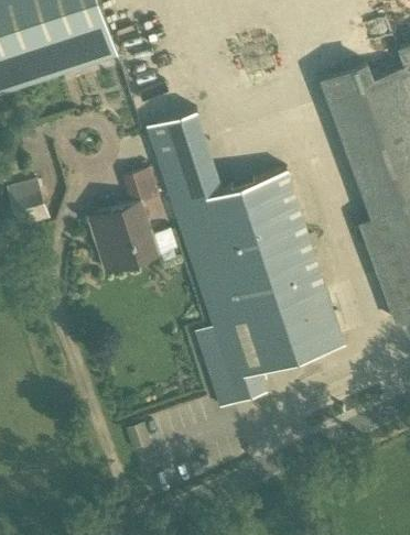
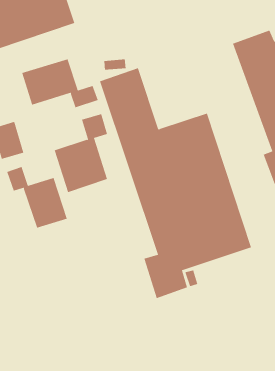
building: none -> [21,58,98,108]
building: none -> [7,166,67,228]

